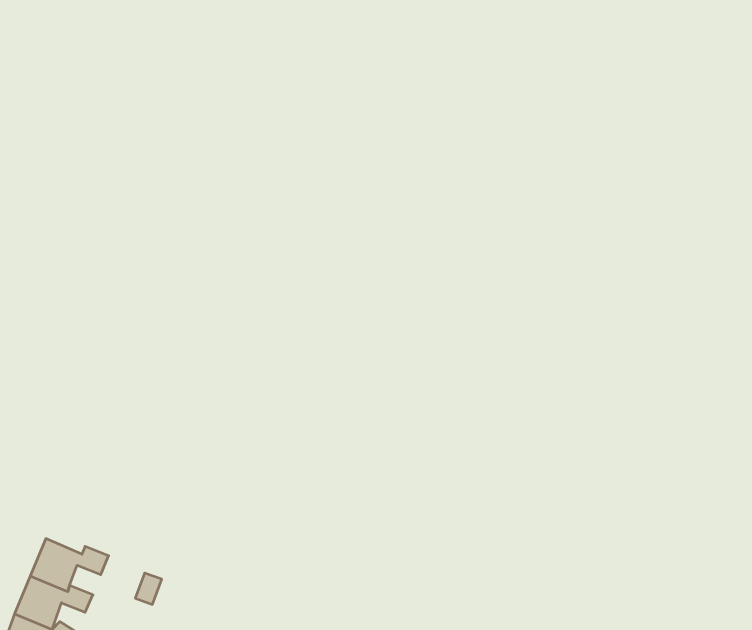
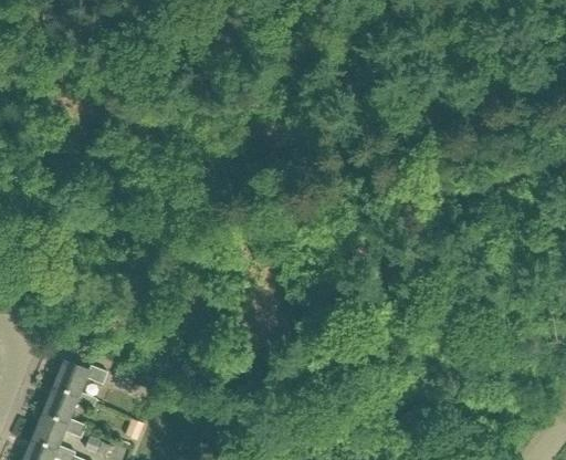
building: none -> [53,358,108,397]

